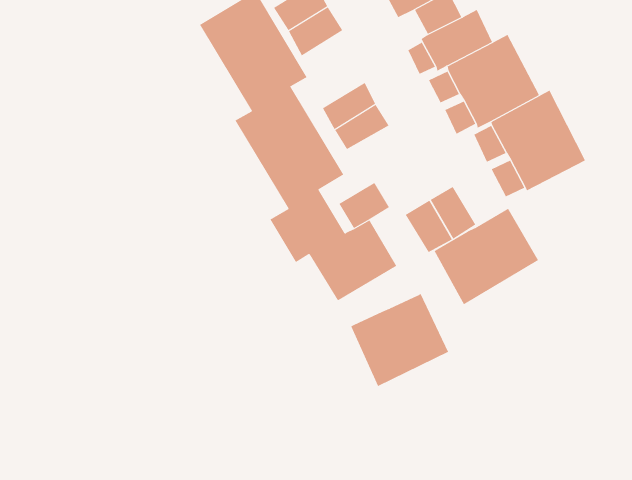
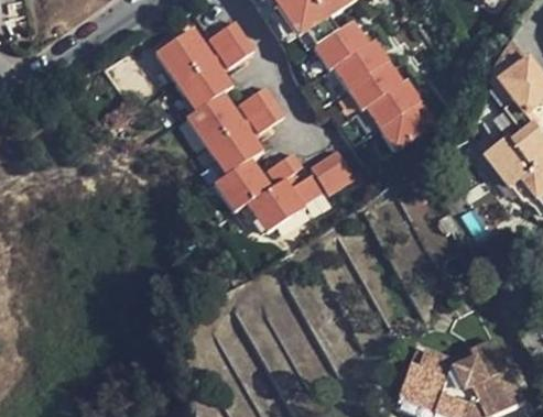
building: [434,208,539,305] -> none
building: [351,293,449,387] -> none

